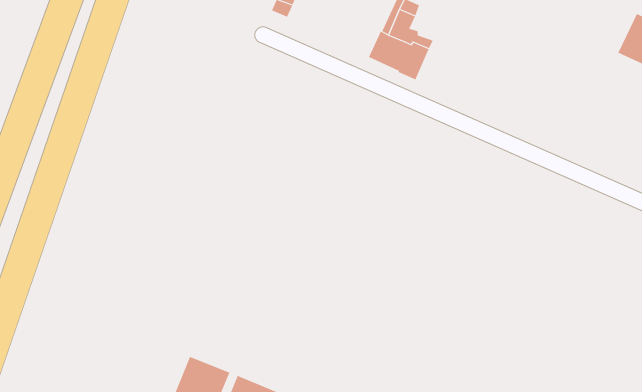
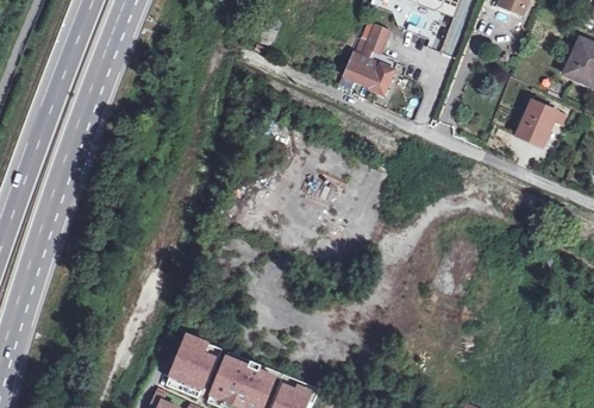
building: none -> [513,92,563,143]

